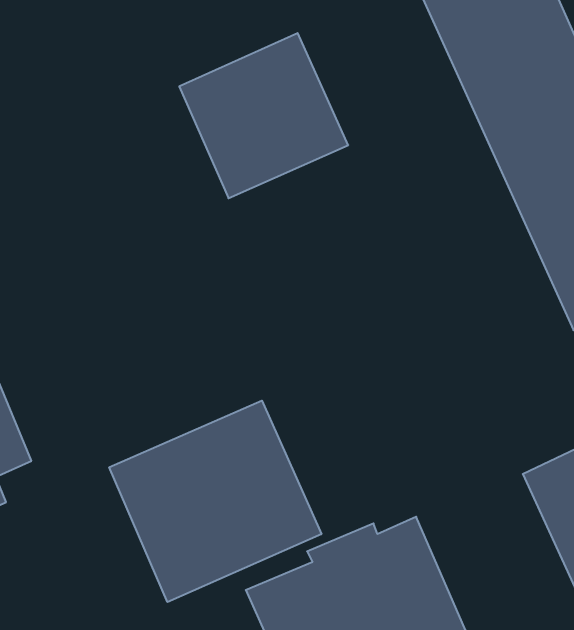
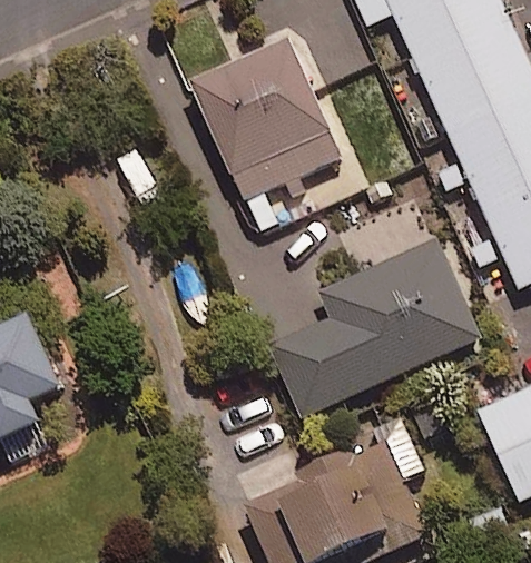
building: none -> [269,238,481,417]
building: [109,401,321,602] -> none

